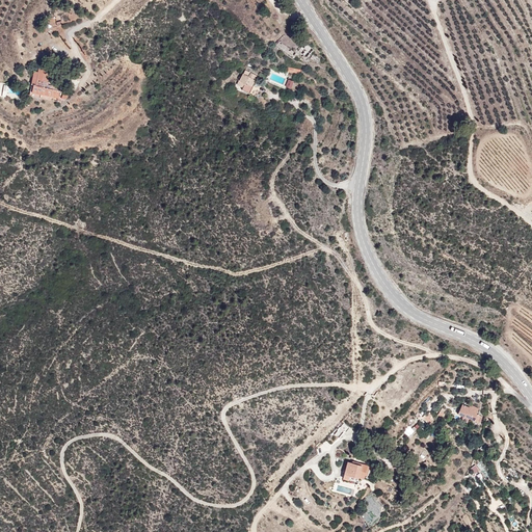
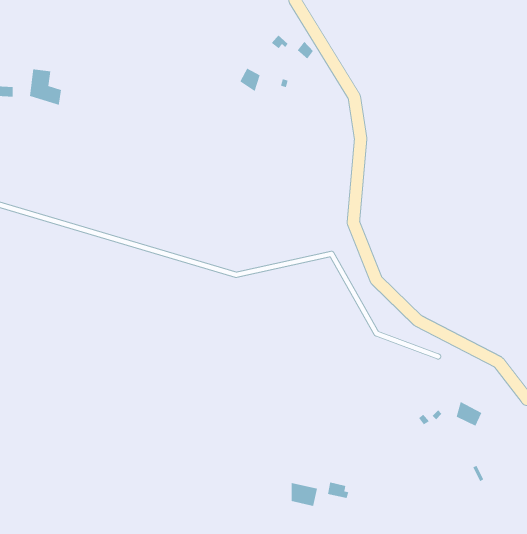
building: [344,460,371,484] -> [291,482,318,506]

